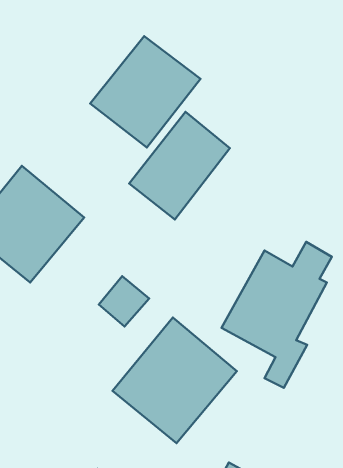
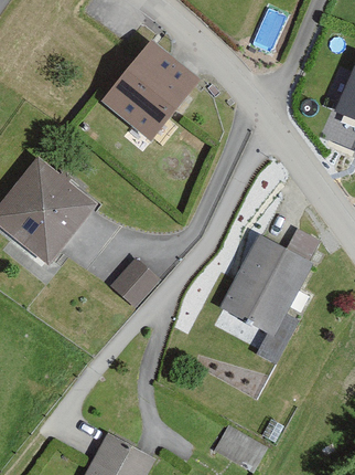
building: [129,112,230,219] -> none
building: [112,318,237,443] -> none

